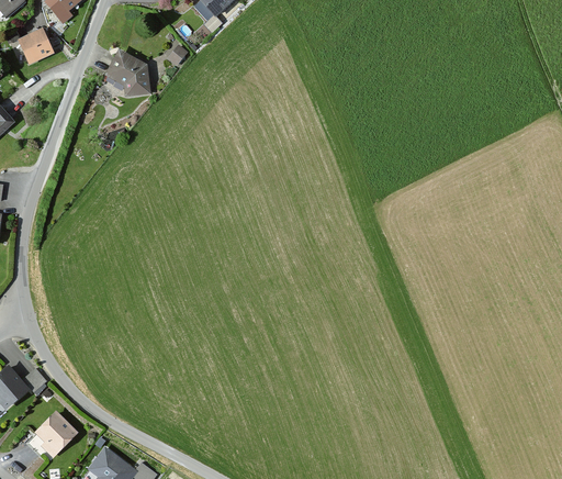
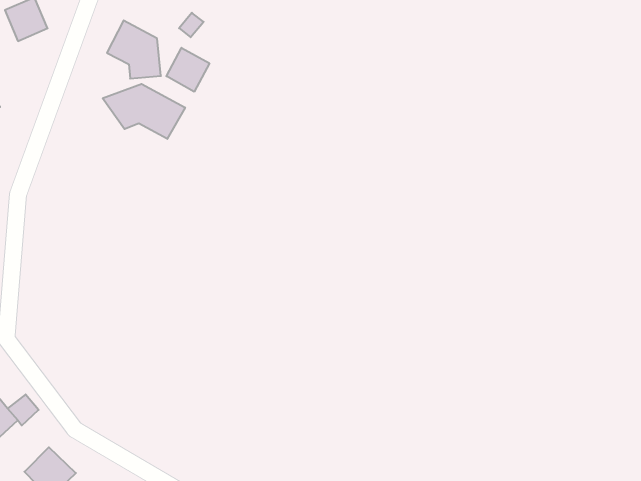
building: none -> [166,48,209,92]
building: none -> [103,84,185,139]

